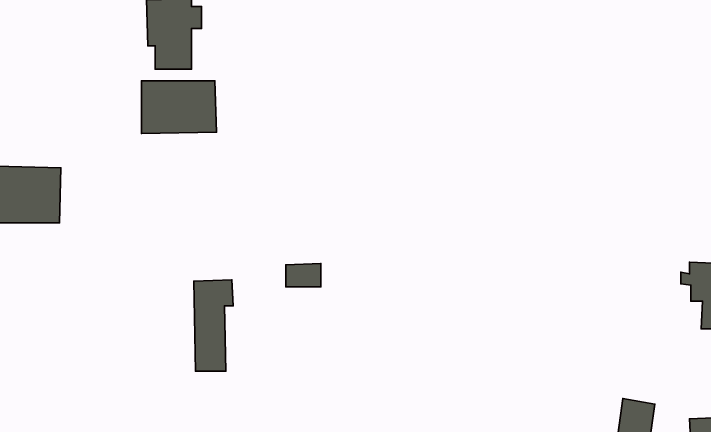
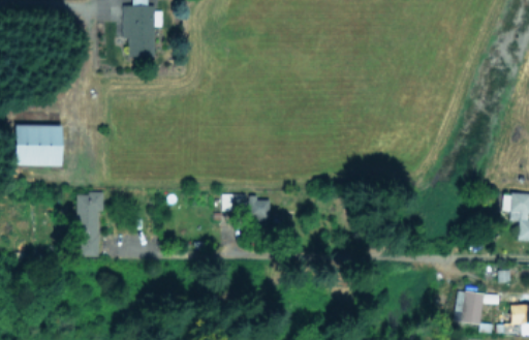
building: [141,81,217,134] -> none
building: none -> [249,198,270,218]
building: [194,280,233,371] -> [76,192,104,257]

